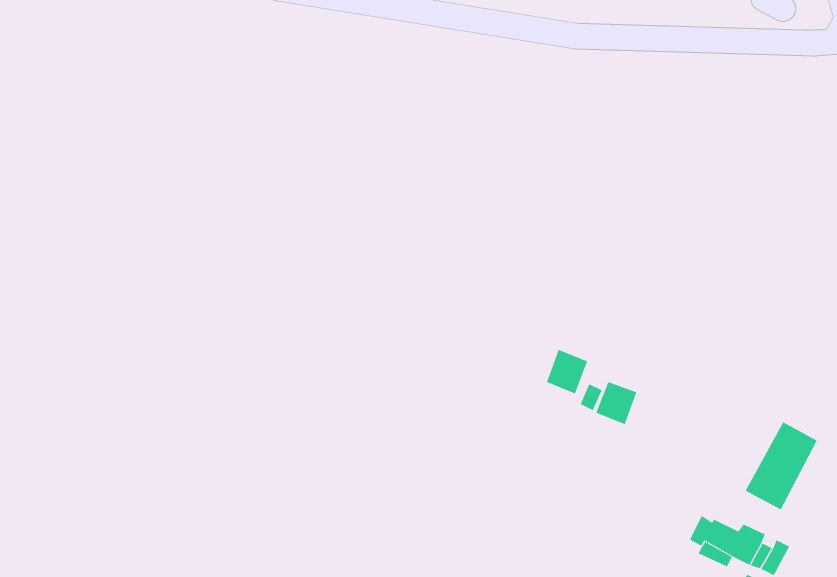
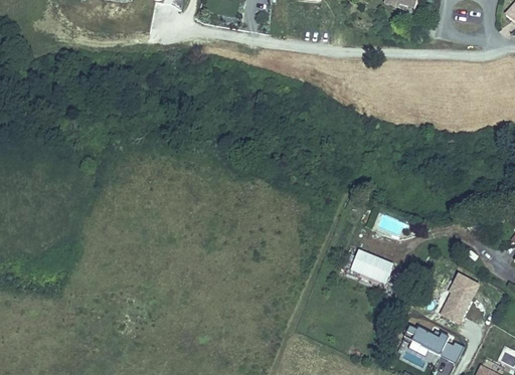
building: [546,349,588,394] -> [368,256,392,283]

